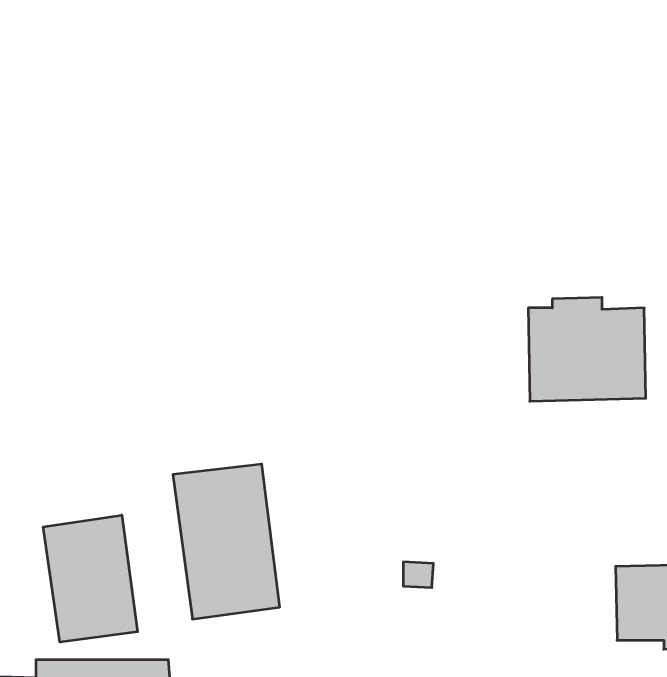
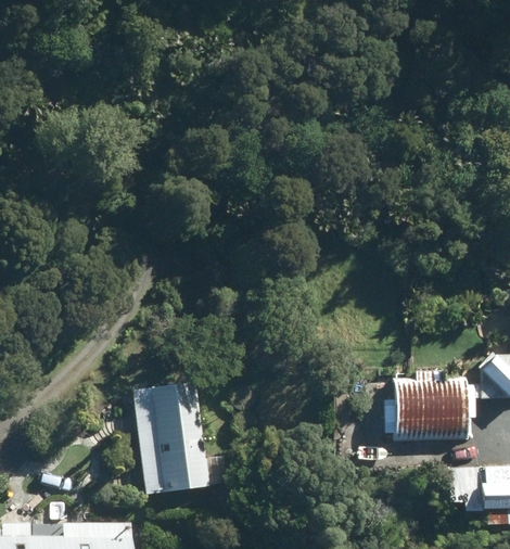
building: [528,297,646,401] -> [395,362,480,437]
building: [43,515,138,642] -> none

